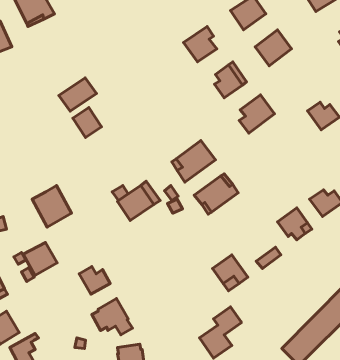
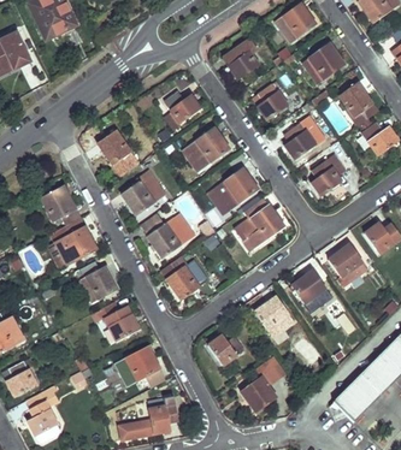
building: none -> [338,82,377,123]
building: none -> [164,90,199,122]
building: [59,78,96,111] -> none
building: none -> [181,126,228,171]
building: none -> [311,153,346,195]
building: none -> [122,168,164,214]
building: none -> [41,190,78,225]
building: none -> [165,259,206,300]
building: none -> [290,270,325,303]
building: [23,242,57,276] -> [79,266,118,303]
building: none -> [208,333,243,365]

